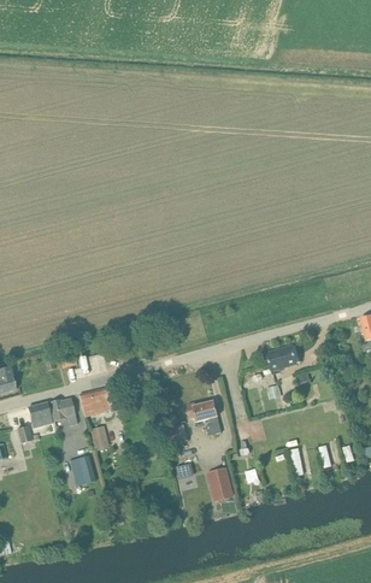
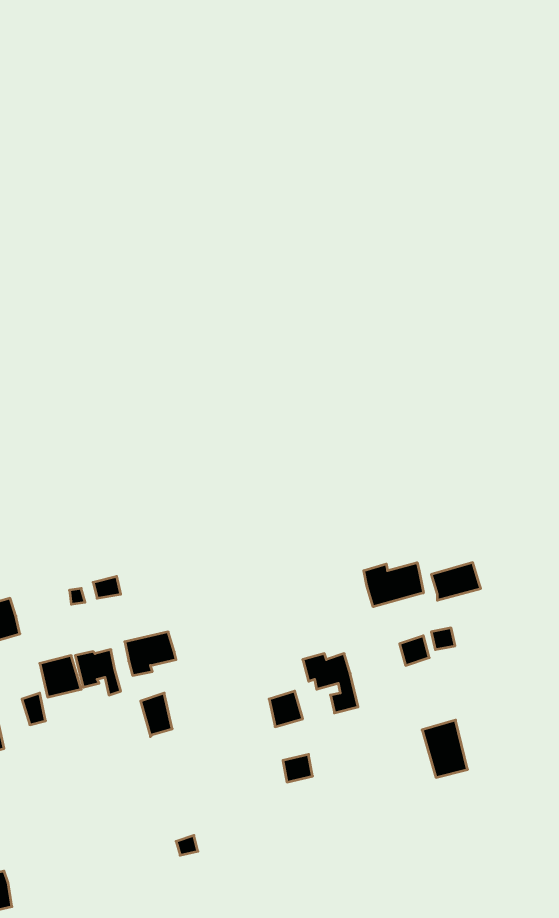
building: none -> [364,563,423,607]
building: [69,455,95,485] -> none
building: [206,467,234,502] -> [422,720,468,777]

